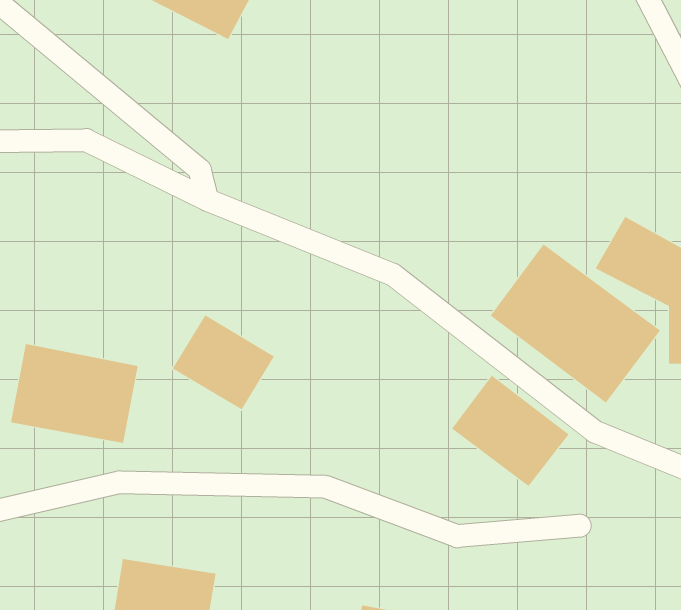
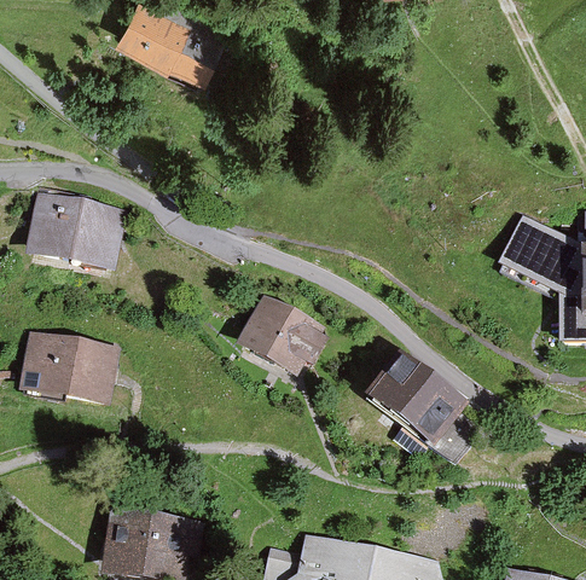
building: none -> [27,191,132,275]
building: [490,244,661,404] -> none
building: [172,315,275,410] -> [243,292,326,370]

